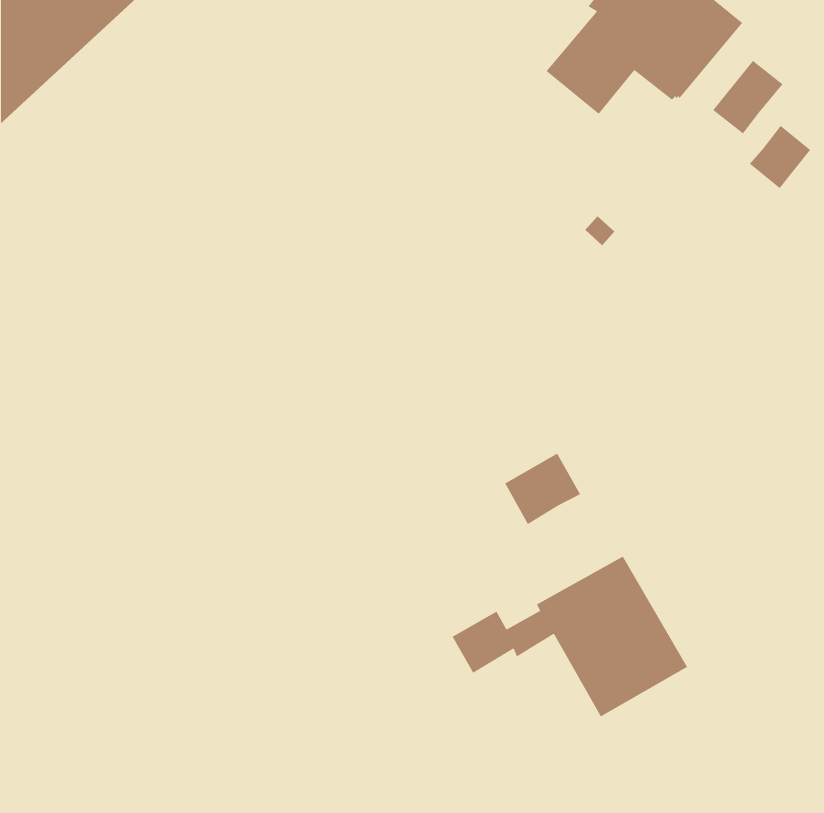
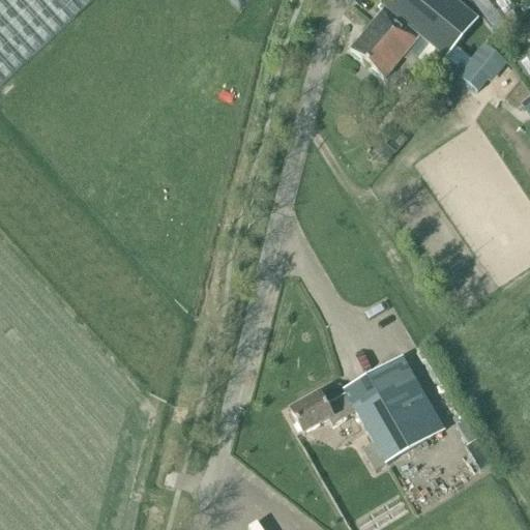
building: [749,125,811,189] -> none
building: [504,453,581,525] -> none

